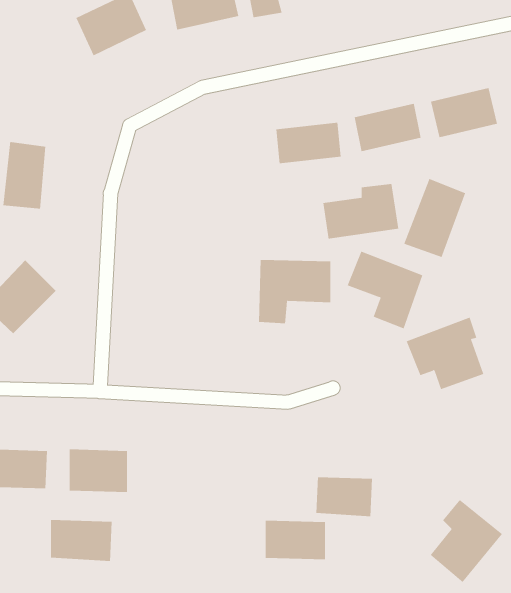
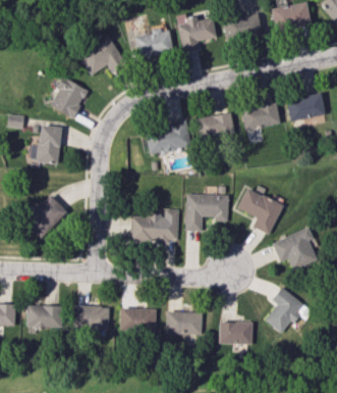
building: none -> [50,77,89,118]
building: [404,178,466,258] -> none
building: [323,184,399,239] -> [146,120,190,153]
building: none -> [130,209,178,242]
building: [430,499,503,583] -> [265,287,307,336]
building: [50,520,113,561] -> [120,308,157,333]
building: [265,520,326,560] -> [166,311,202,335]

